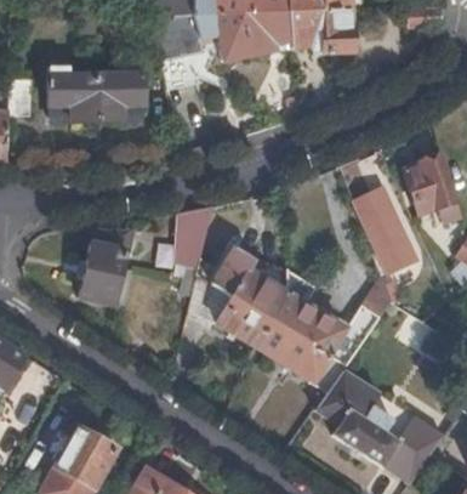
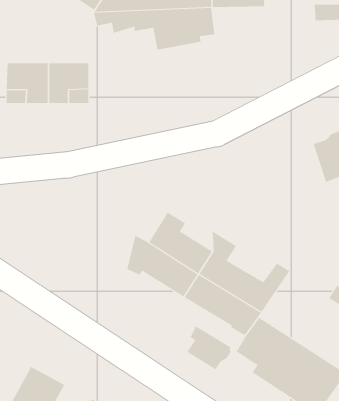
building: [287,8,352,51] -> none
building: [354,188,417,273] -> none
building: [181,206,213,263] -> none
building: [80,231,132,305] -> none
building: none -> [186,326,231,370]

